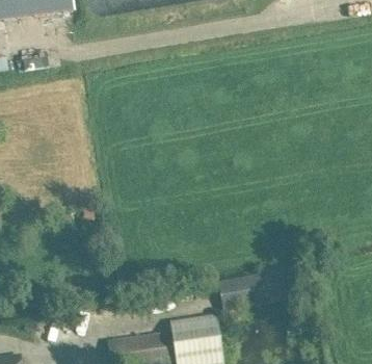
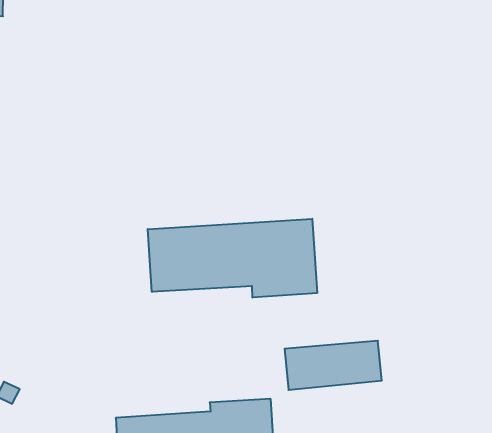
building: none -> [148,219,317,298]

